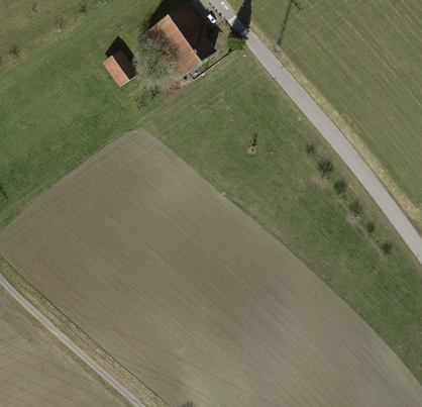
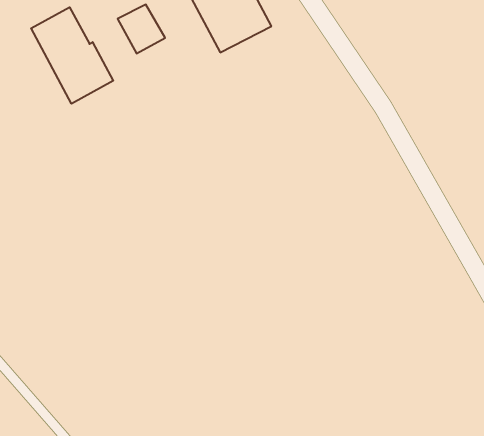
building: none -> [31,7,113,104]

